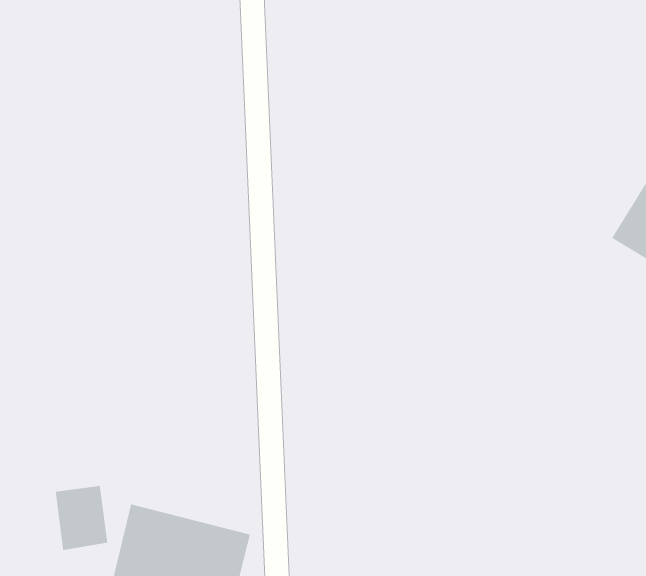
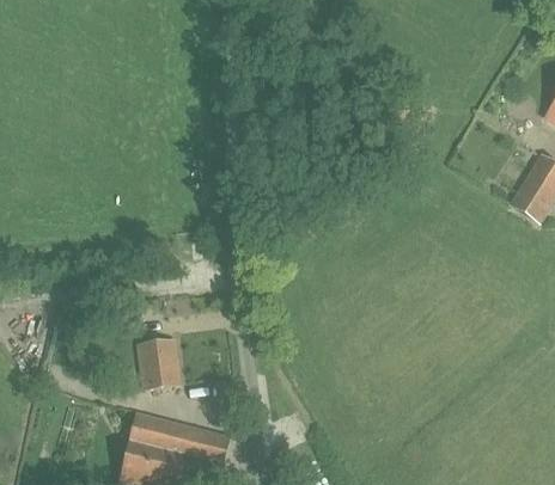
building: [55,485,108,551] -> [139,336,181,387]

